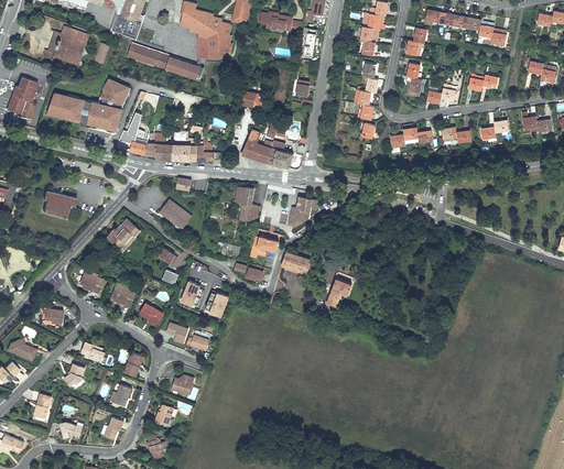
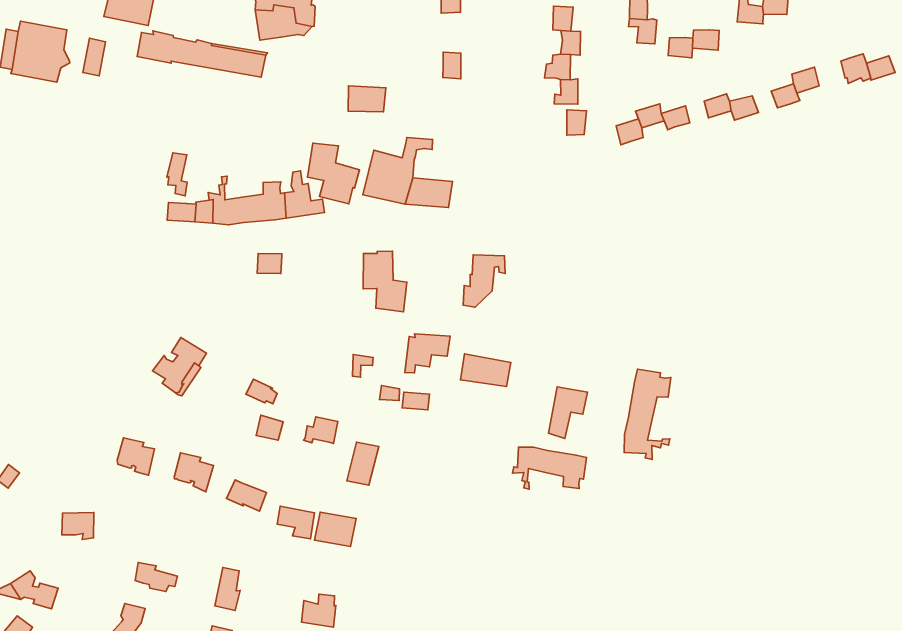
building: [48,80,130,131] -> none
building: none -> [307,143,360,204]
building: [42,187,76,215] -> none
building: [159,198,192,229] -> none
building: none -> [624,369,671,459]
building: none -> [512,447,587,489]

